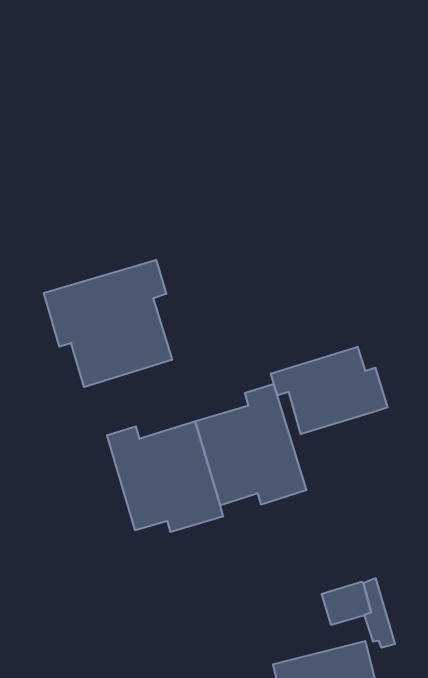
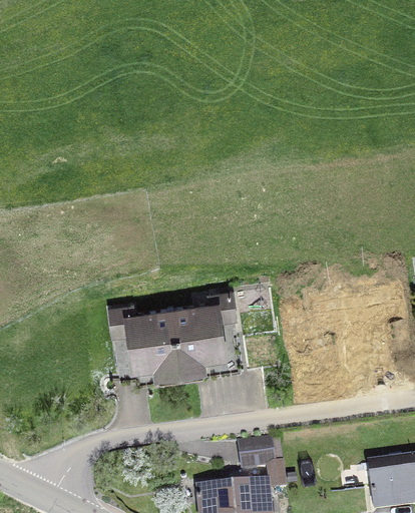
building: [44,260,172,387] -> none
building: [271,347,388,434] -> none

